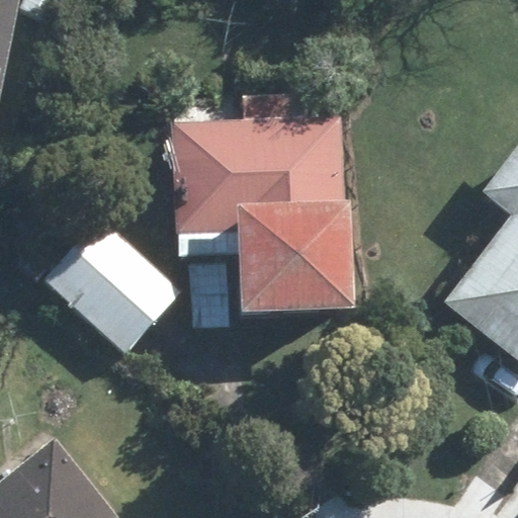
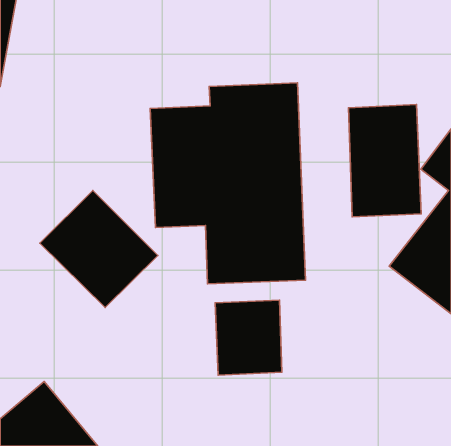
building: none -> [348,104,421,217]
building: none -> [215,300,282,375]

